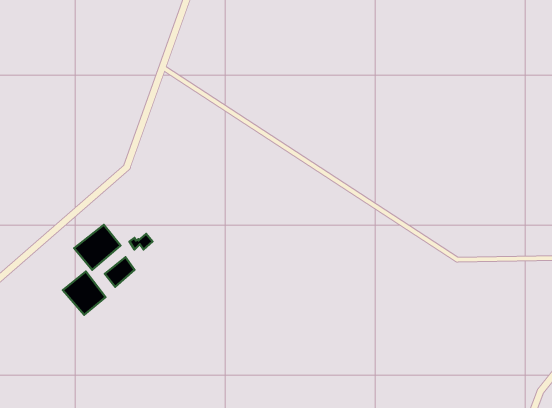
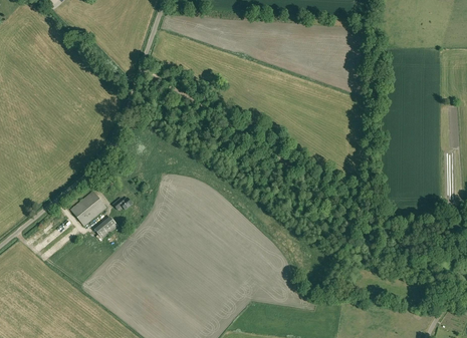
building: [63,271,106,315] -> none

